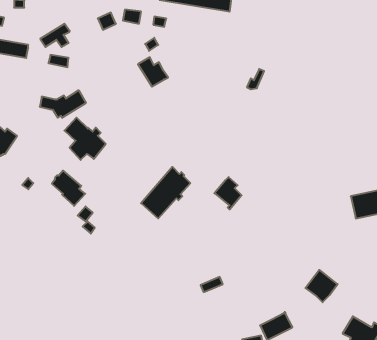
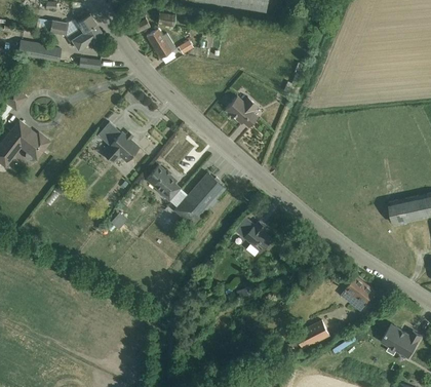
building: [138,57,168,87] -> [145,28,175,57]
building: [40,91,86,118] -> [49,13,96,41]
building: none -> [224,96,258,128]
building: [52,171,85,206] -> [146,164,180,200]
building: [214,177,242,209] -> [243,221,271,254]

